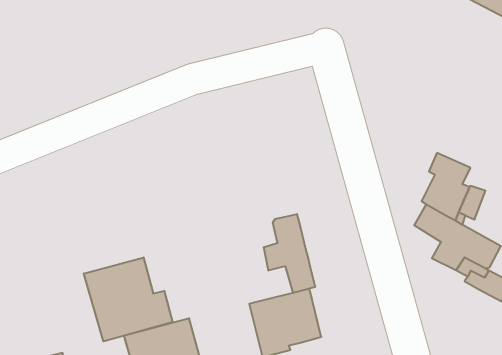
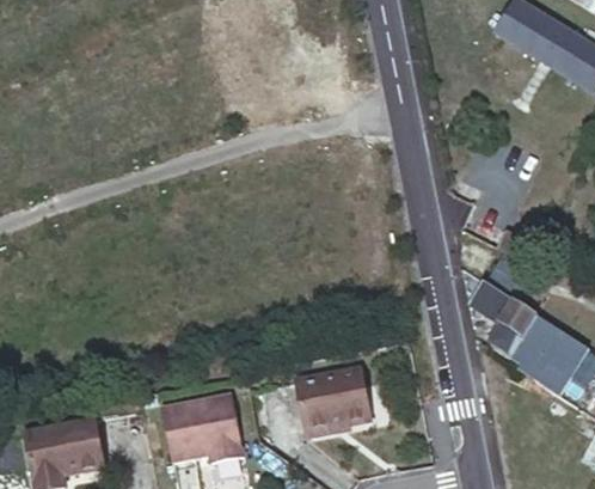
building: [264,214,315,293] -> none
building: [84,257,173,341] -> none

